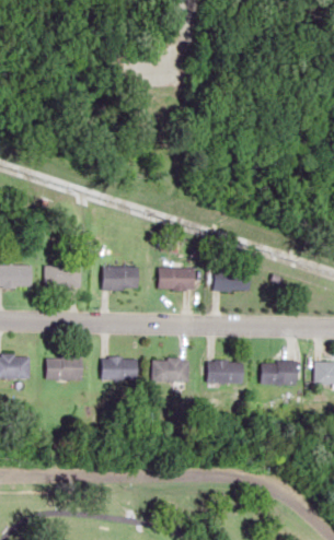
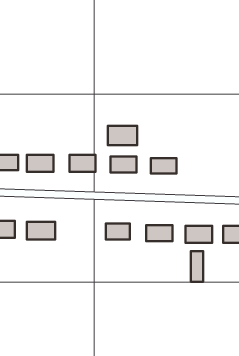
building: none -> [108,126,137,145]
building: [101,357,138,380] -> none
building: none -> [191,251,203,282]

